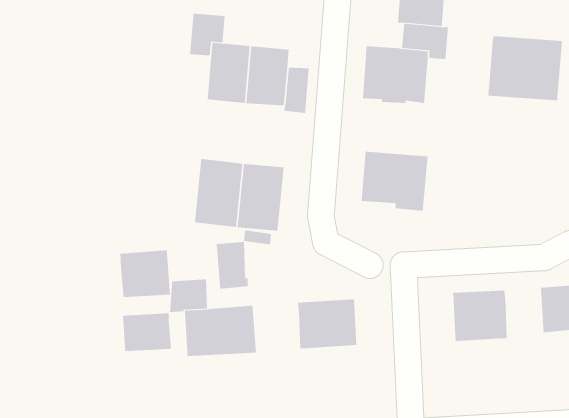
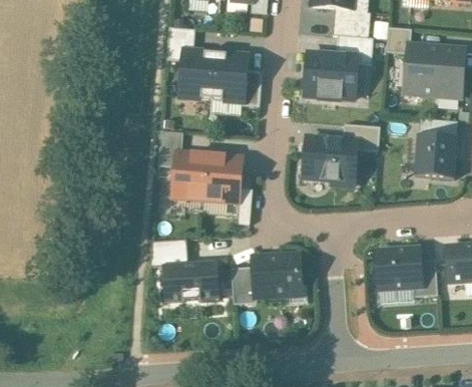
building: none -> [387,28,412,55]
building: none -> [343,125,380,152]
building: none -> [414,137,456,178]
building: [216,241,248,289] -> [230,268,257,306]
building: [120,250,171,298] -> none
building: none -> [413,261,438,298]
building: [122,313,172,352] -> none

